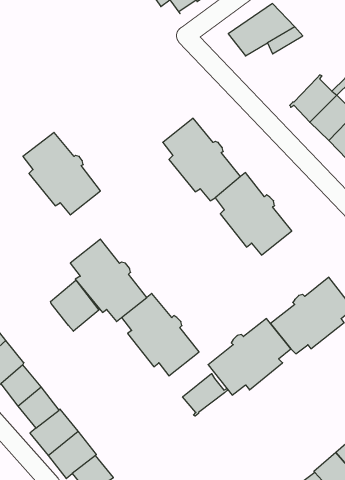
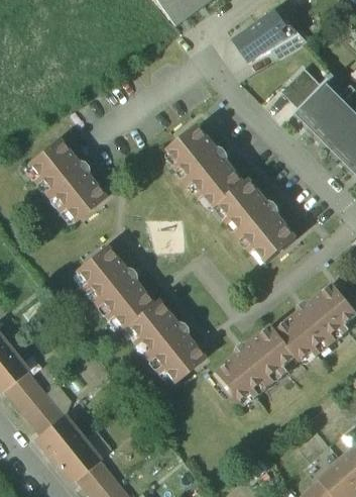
building: none -> [280,66,322,108]
building: [51,280,99,331] -> none
building: [183,374,228,416] -> none

